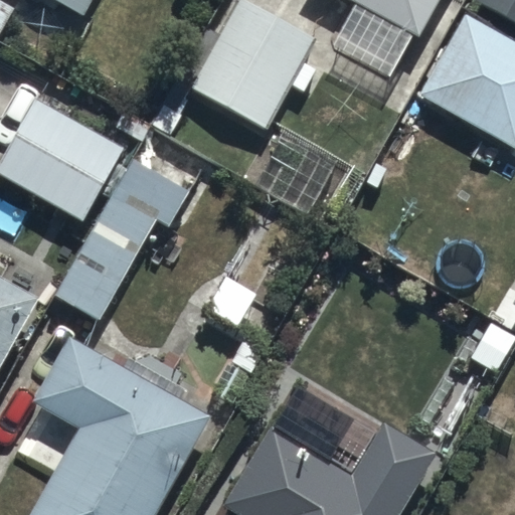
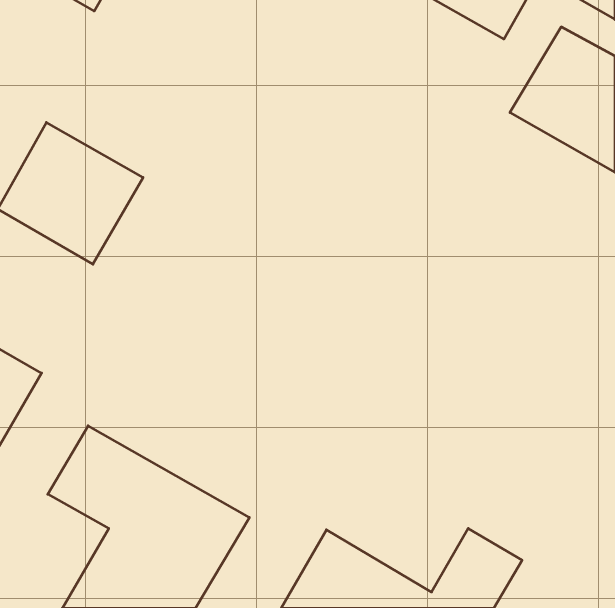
building: [191,4,308,124] -> none
building: [63,162,184,309] -> none

